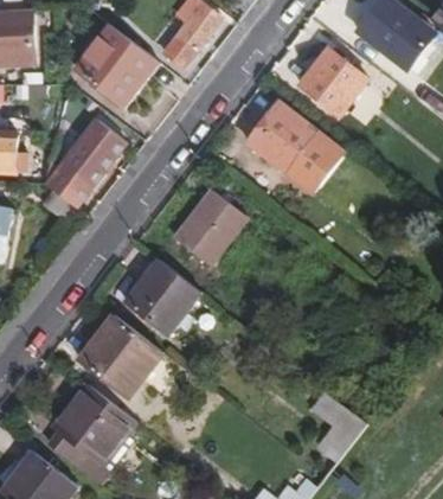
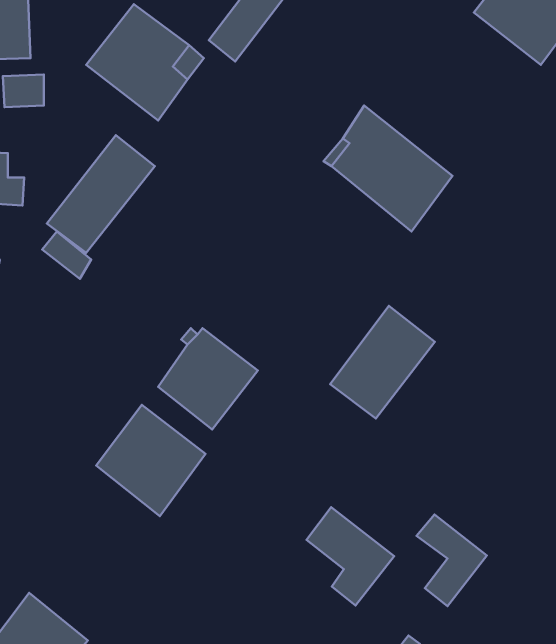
building: [298,47,370,114] -> none
building: [166,192,242,274] -> [330,306,435,419]
building: [47,385,134,473] -> none
building: none -> [307,507,394,606]

